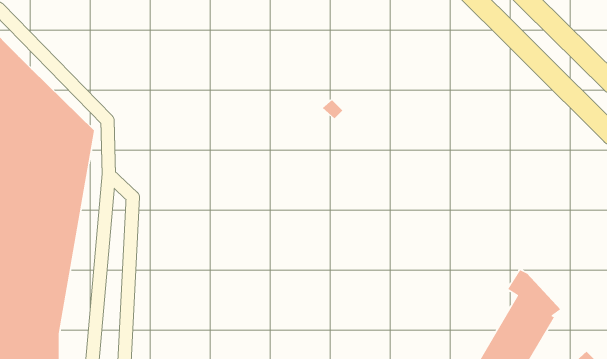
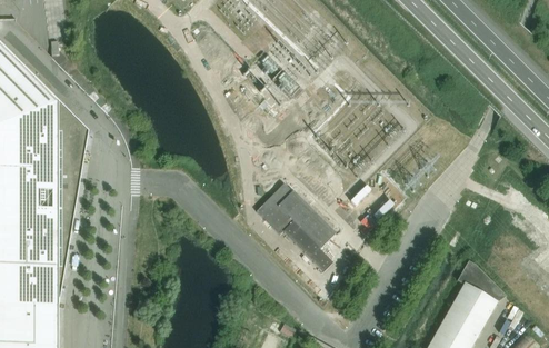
building: none -> [253,183,333,272]

